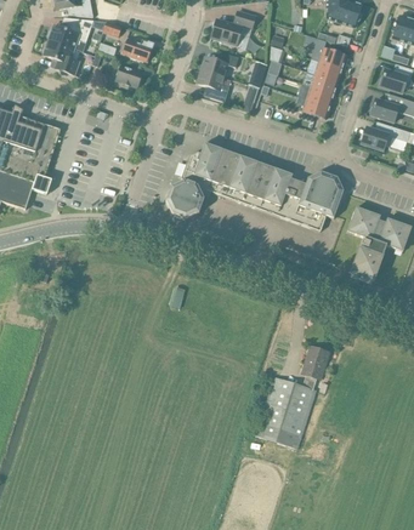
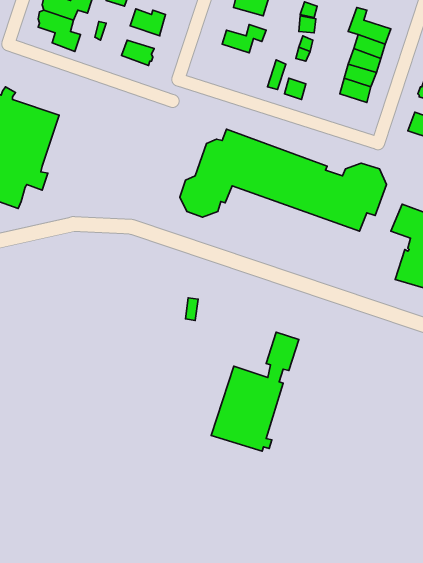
building: [197,69,229,102] -> none
building: [254,346,329,448] -> [211,332,299,451]

